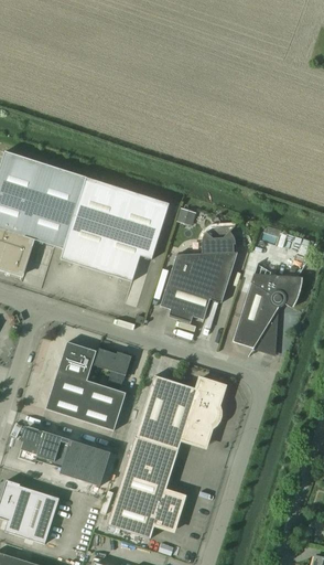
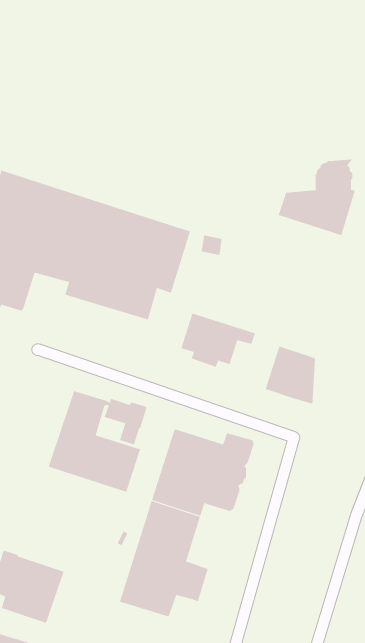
building: [170,224,237,291] -> [278,158,356,236]
building: [245,262,300,312] -> none
building: [18,425,110,484] -> none

